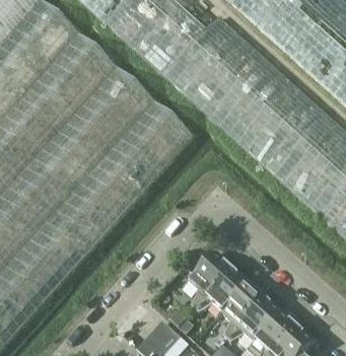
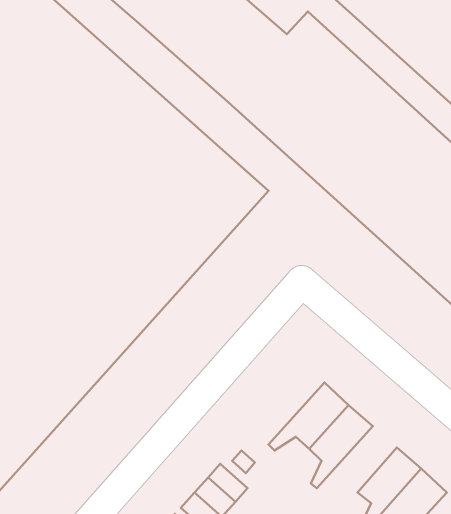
building: [188,248,231,305] -> none
building: [226,293,280,338] -> none

